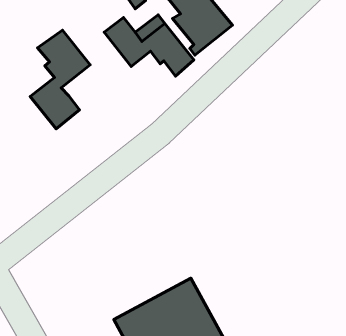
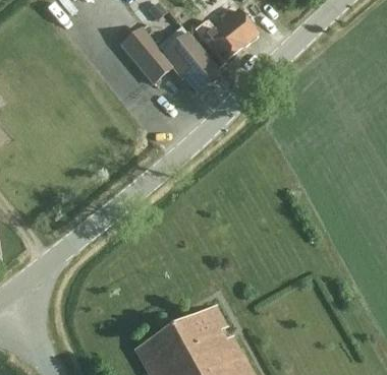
building: [30,30,90,129] -> none

